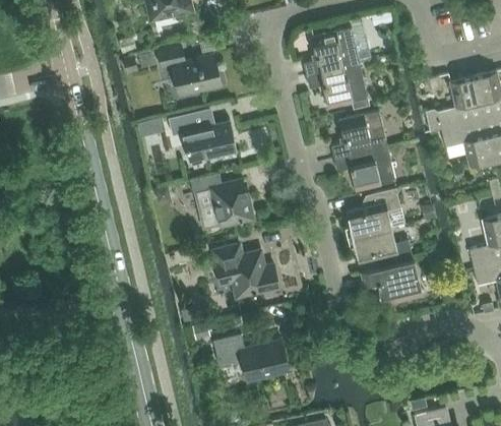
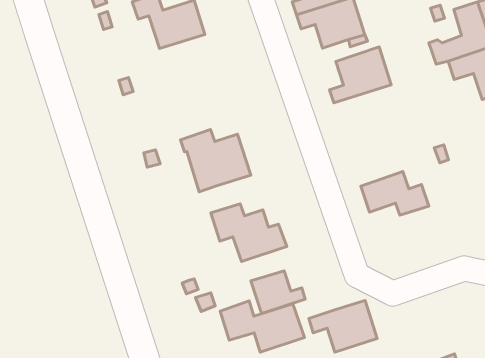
building: [169,109,238,163] -> none
building: [334,146,396,191] -> none
building: [348,189,401,237] -> none
building: [362,260,423,305] -> [309,301,377,352]
building: none -> [251,271,305,314]

